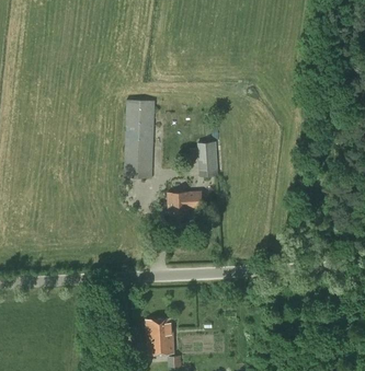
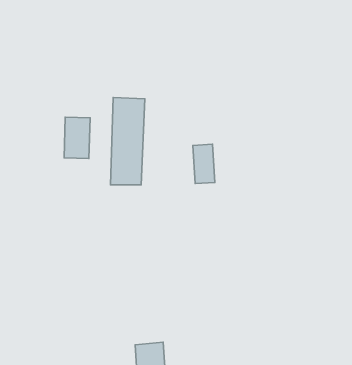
building: none -> [64,117,90,159]
building: [168,189,203,221] -> none

